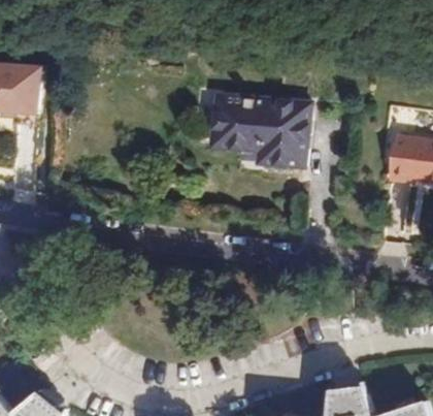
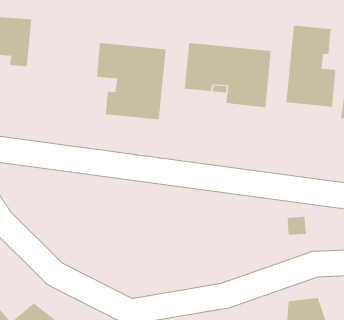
building: none -> [286,25,336,108]
building: none -> [97,42,166,120]

